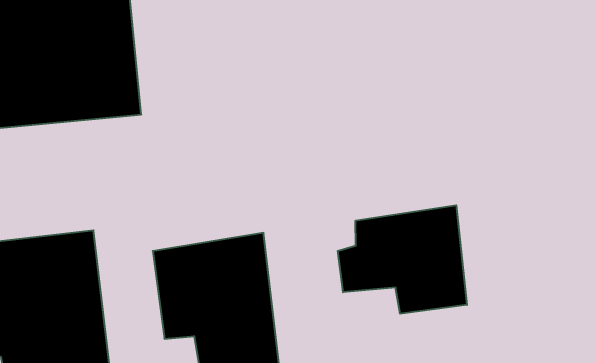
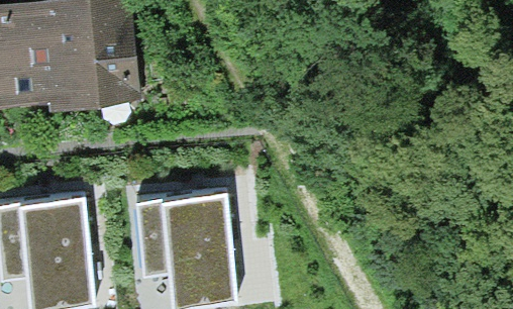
building: [338,205,467,314] -> none

